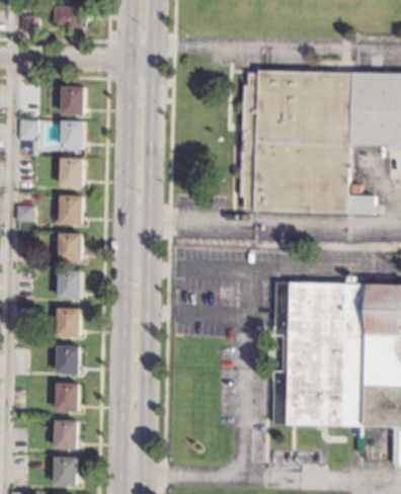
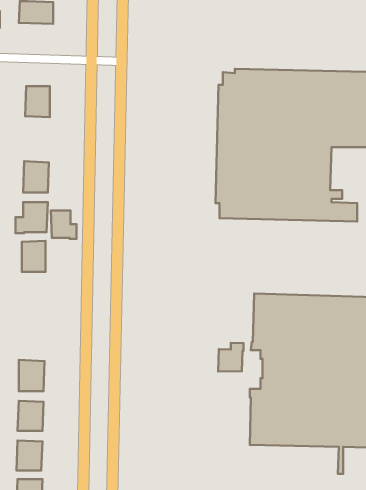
building: [61,119,84,149] -> none
building: none -> [51,211,76,239]
building: [57,270,81,299] -> none
building: [56,308,79,336] -> none
building: none -> [218,343,244,372]

